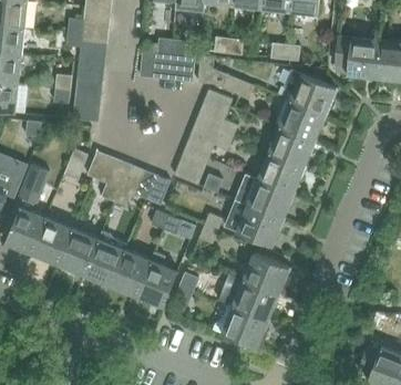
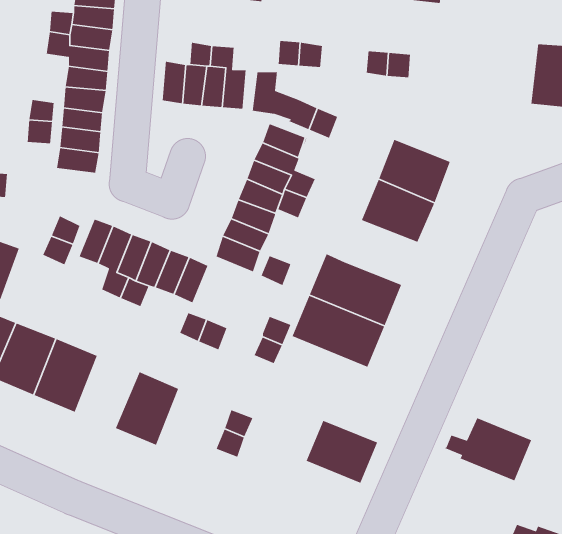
building: [333,35,380,79] -> none
building: [282,70,336,115] -> none
building: [257,153,304,194] -> none
building: [84,239,125,285] -> none
building: [136,252,178,306] -> none
building: [233,253,289,294] -> [444,417,532,481]
building: [222,306,267,347] -> none

